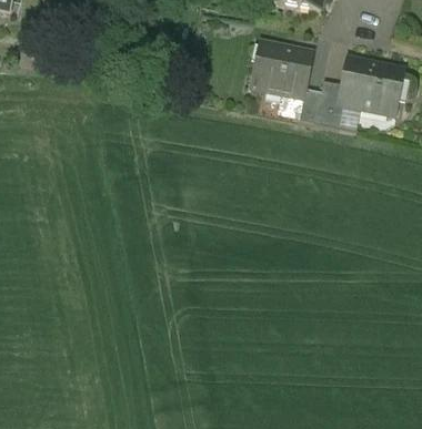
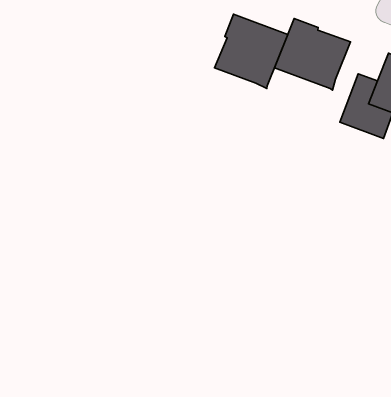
building: none -> [215,14,288,89]
building: [298,84,322,121] -> none

